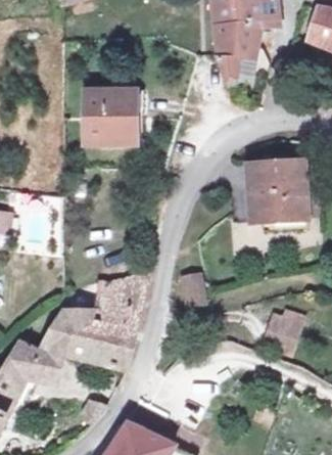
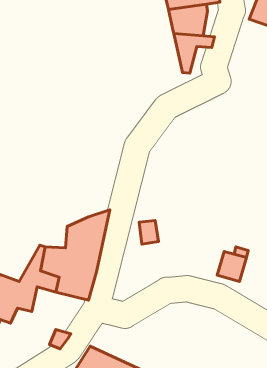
building: [82,90,133,143] -> none
building: [244,163,303,230] -> none

